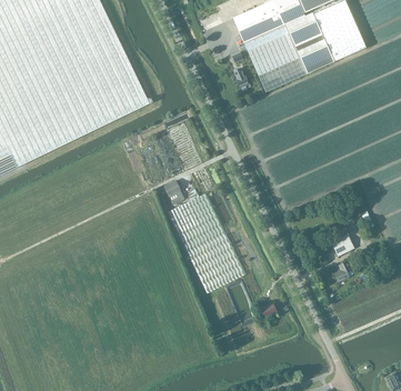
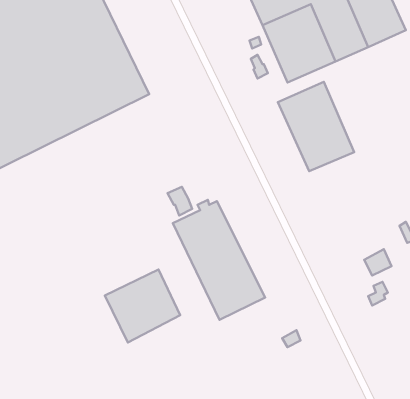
building: none -> [278,82,354,171]
building: none -> [105,270,180,342]

